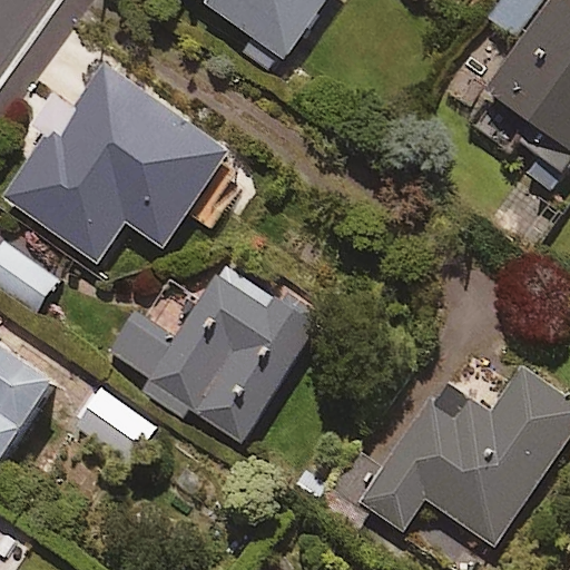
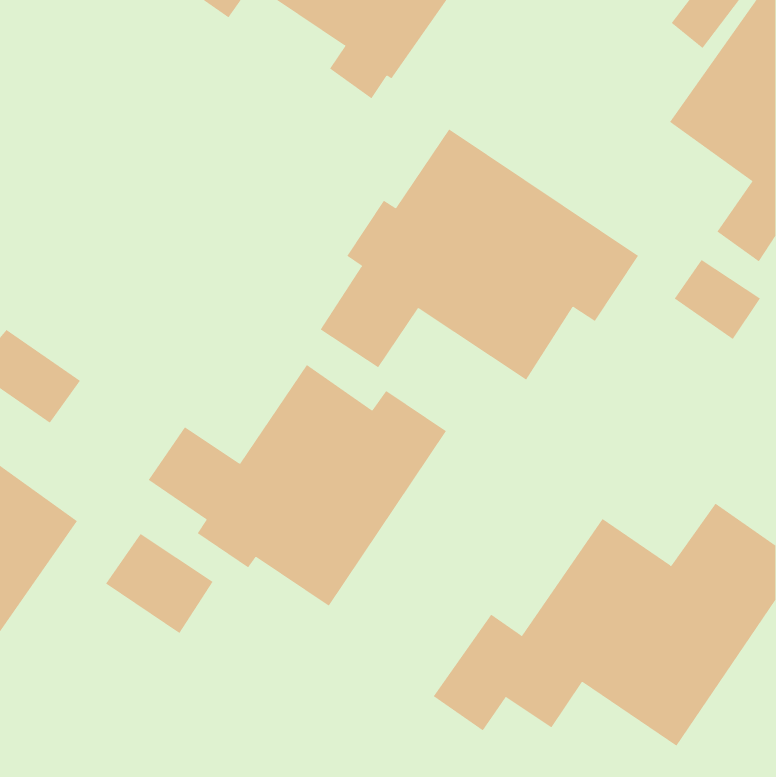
building: [7,61,229,263] -> none
building: none -> [320,128,639,380]

